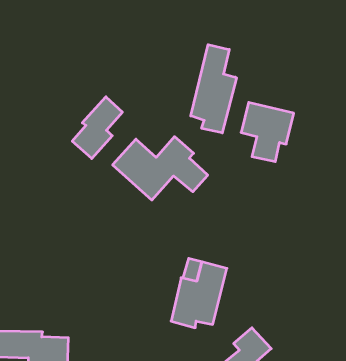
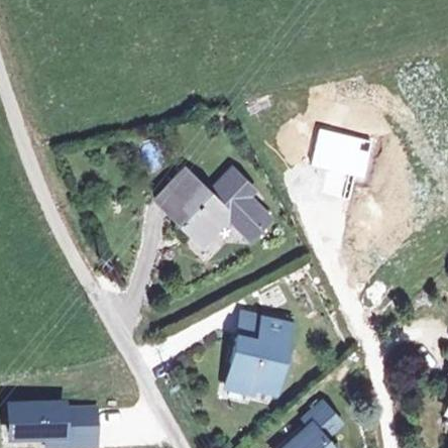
building: [191,45,237,133] -> none
building: [72,97,122,159] -> none

